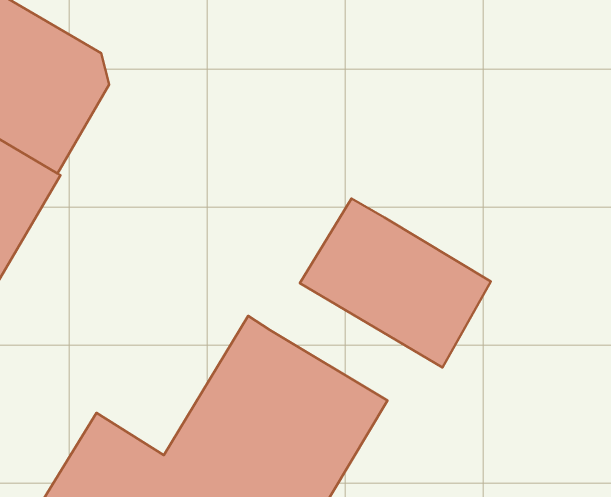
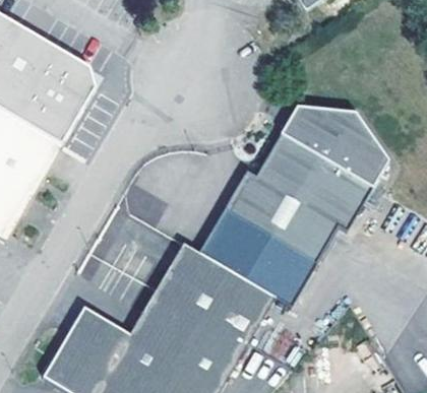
building: none -> [270,108,400,230]
building: none -> [196,219,308,307]

